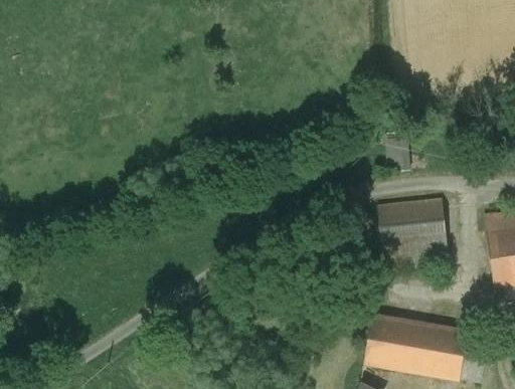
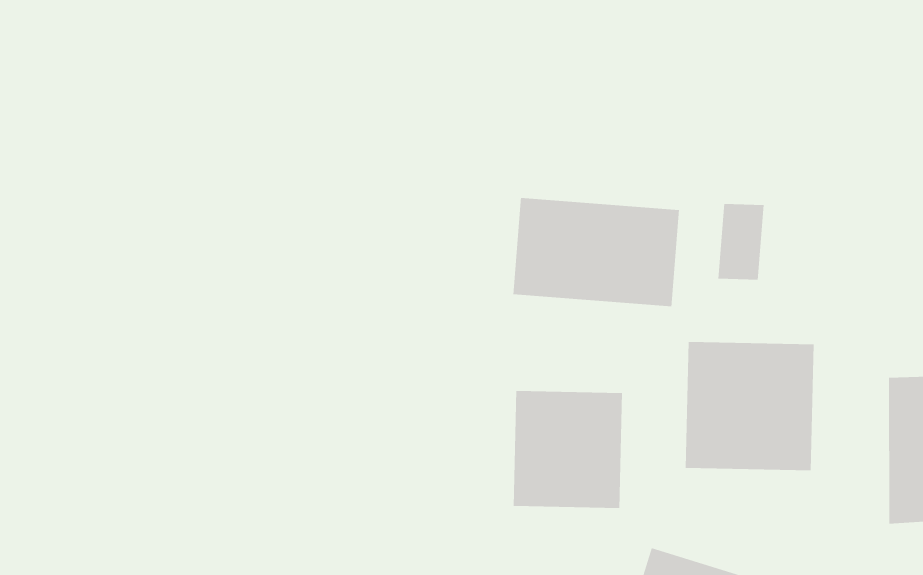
building: none -> [513,197,680,307]
building: none -> [513,390,623,509]

